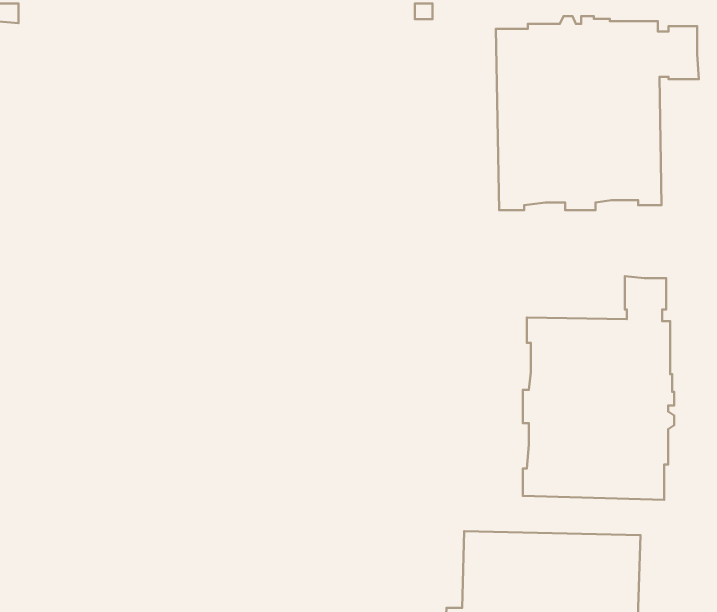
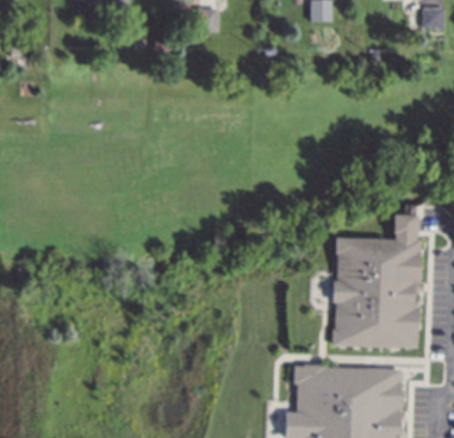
building: [496,16,699,210] -> none

